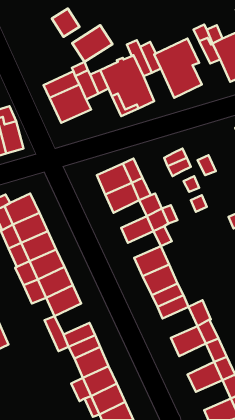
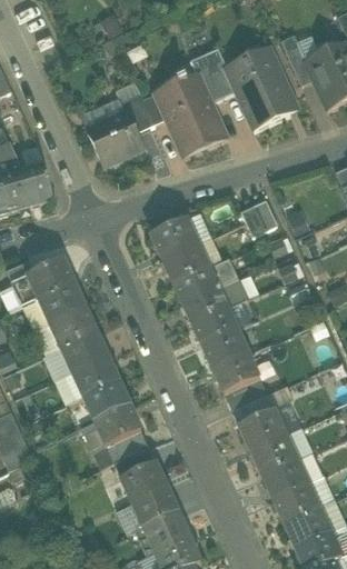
building: [72,25,113,62] -> none
building: none -> [174,268,218,305]
building: none -> [192,309,237,345]
building: none -> [95,406,141,447]
building: none -> [239,410,286,451]
building: none -> [261,459,308,500]
building: none -> [284,508,330,548]

